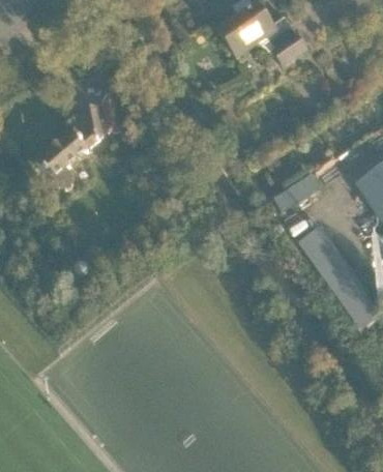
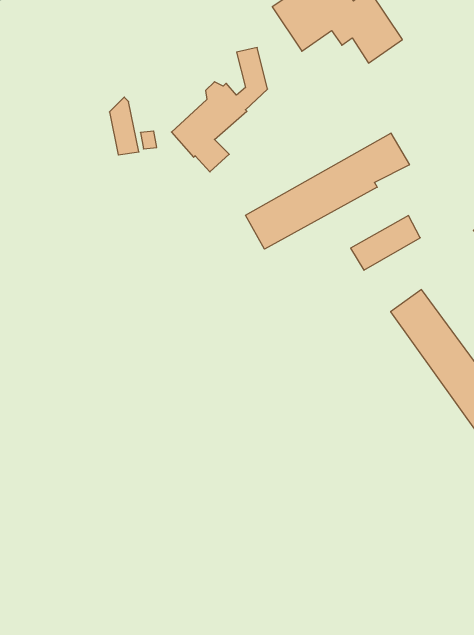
building: [34,101,101,188] -> [171,48,268,172]
building: none -> [246,133,409,249]

